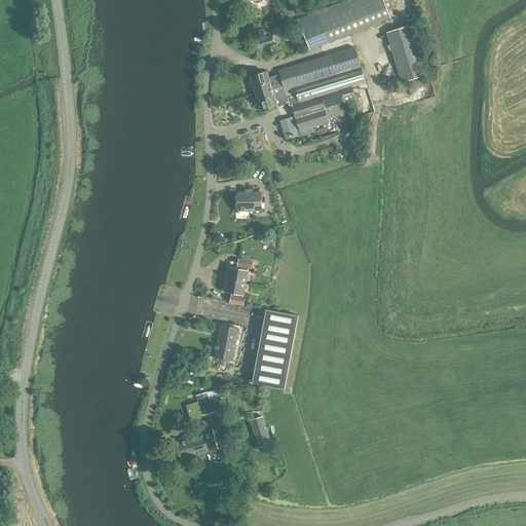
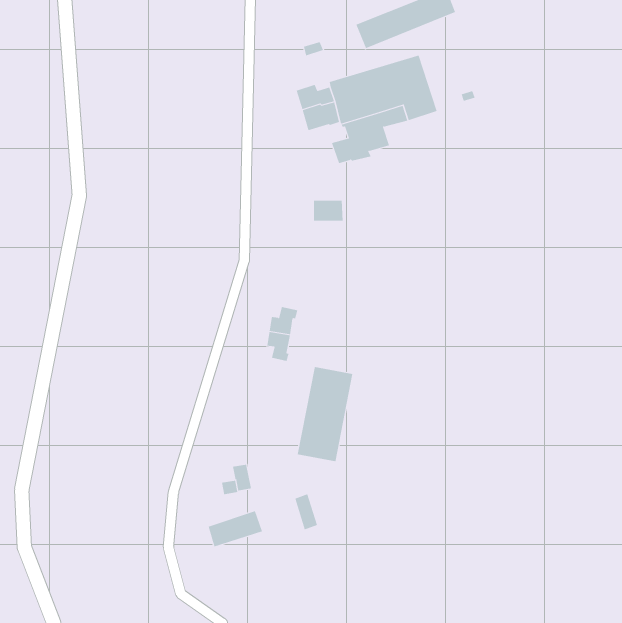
building: [389,25,424,80] -> none
building: [235,192,261,210] -> [313,200,344,221]
building: [213,324,237,360] -> none

